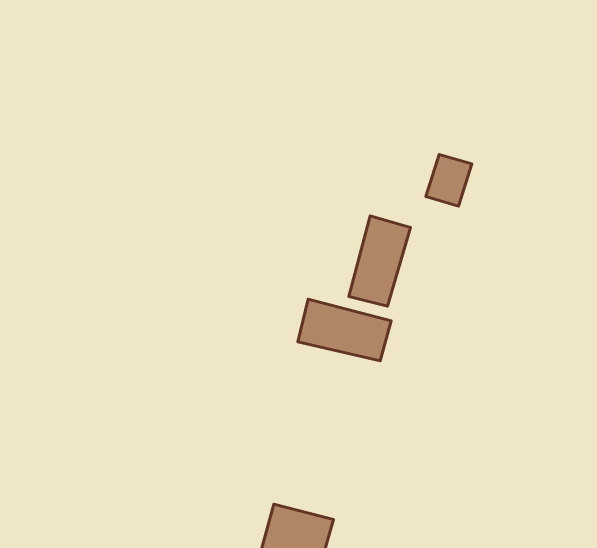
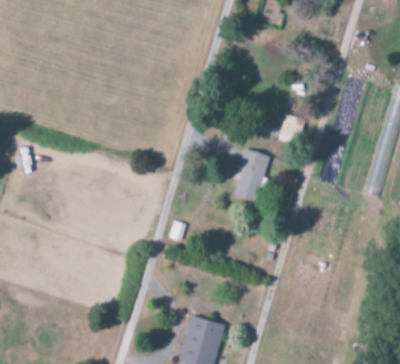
building: [298,299,391,361] -> none

